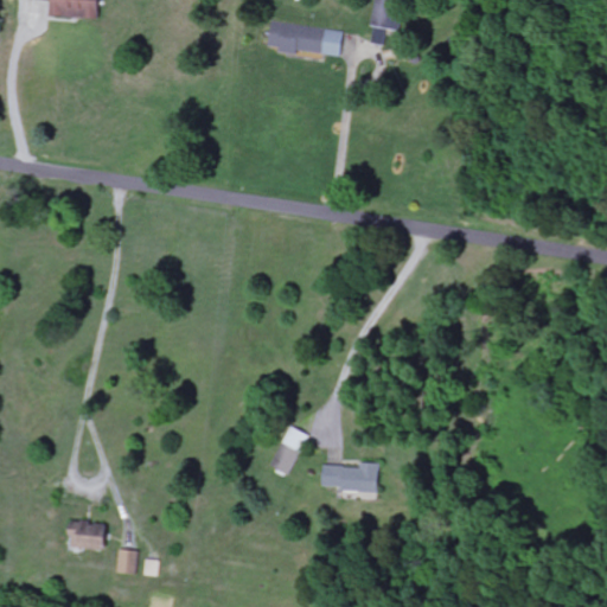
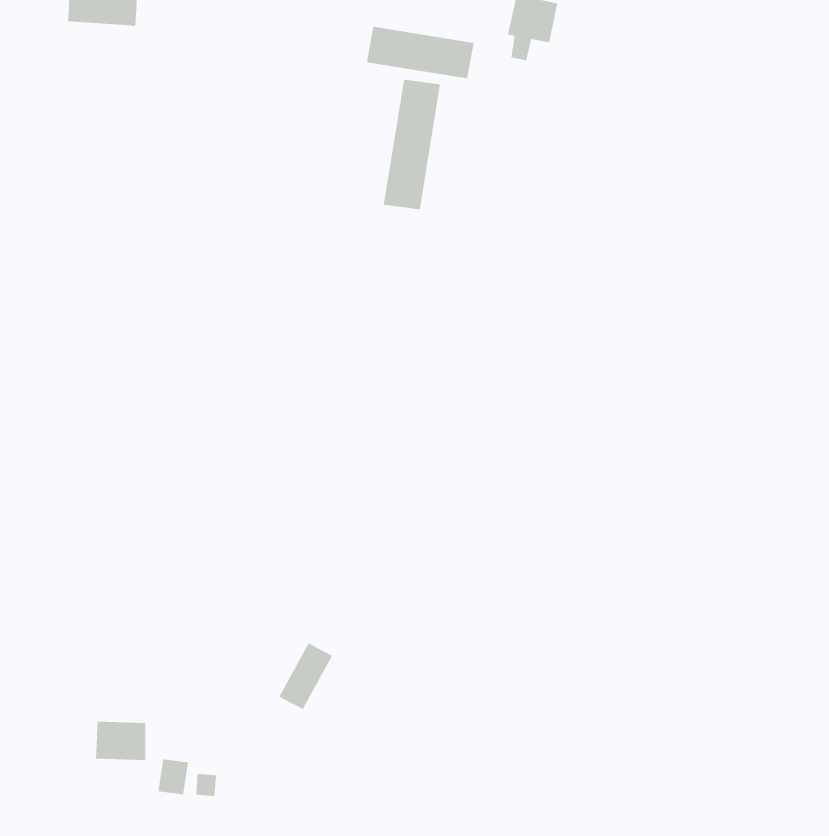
building: none -> [383,79,441,210]
building: [268,426,307,474] -> [279,643,333,710]
building: [320,462,379,492] -> none

